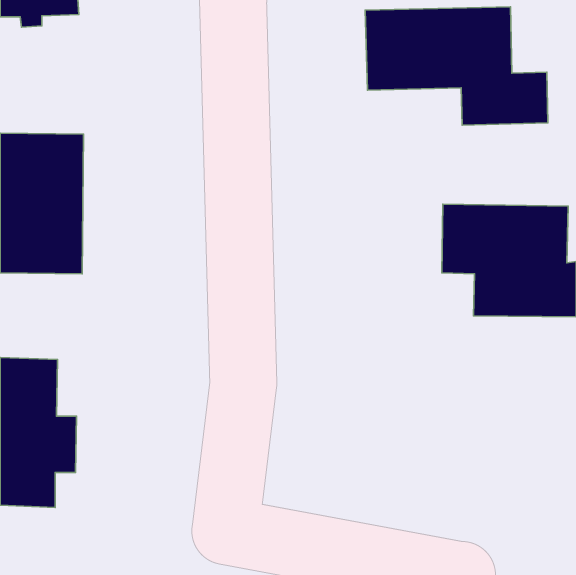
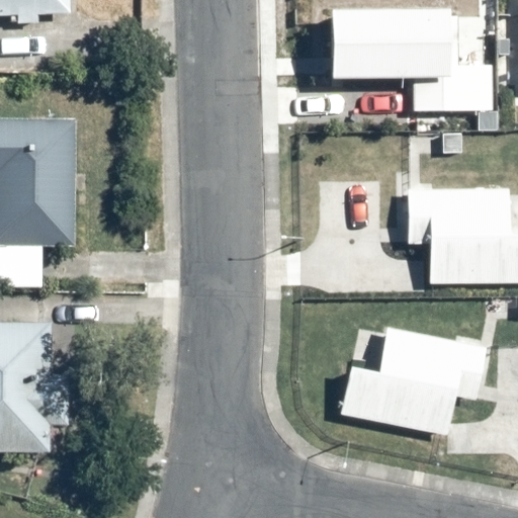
building: none -> [338,325,488,435]

